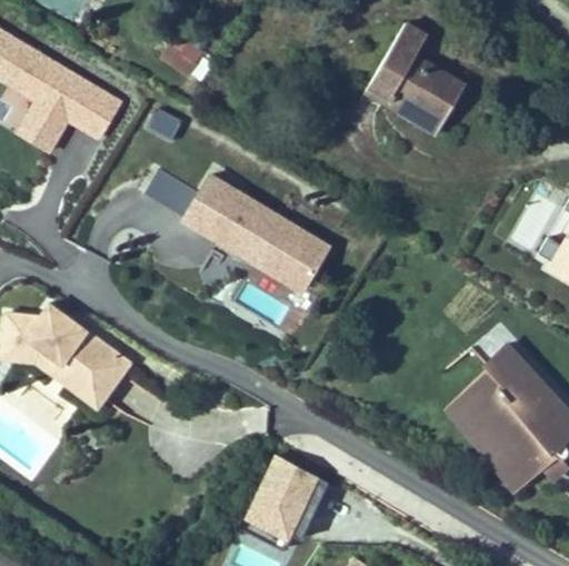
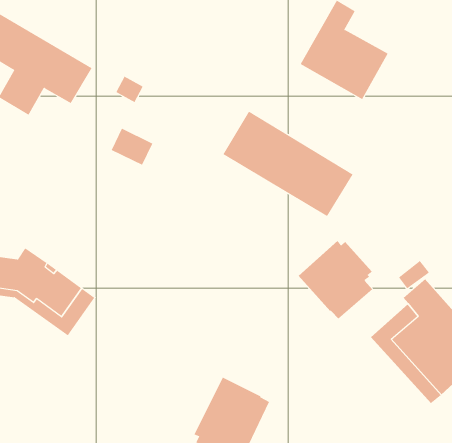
building: [161,34,204,77] -> none
building: [181,173,332,296] -> [222,111,353,217]
building: none -> [298,240,373,319]

